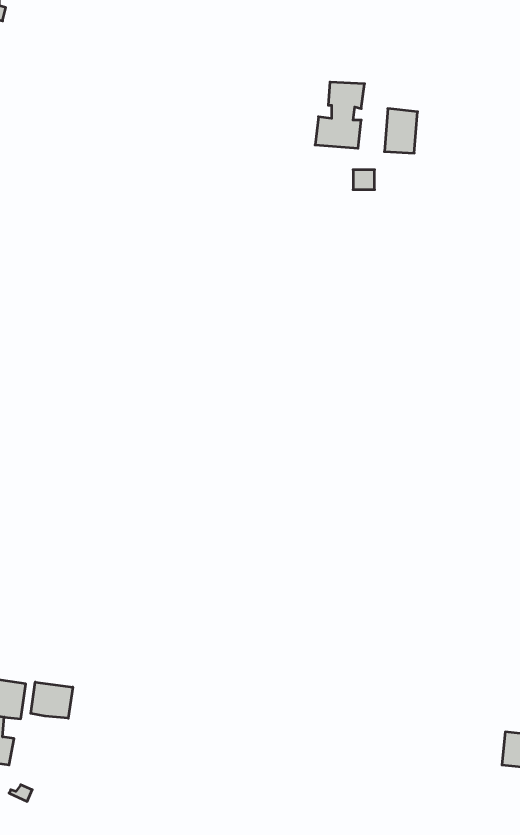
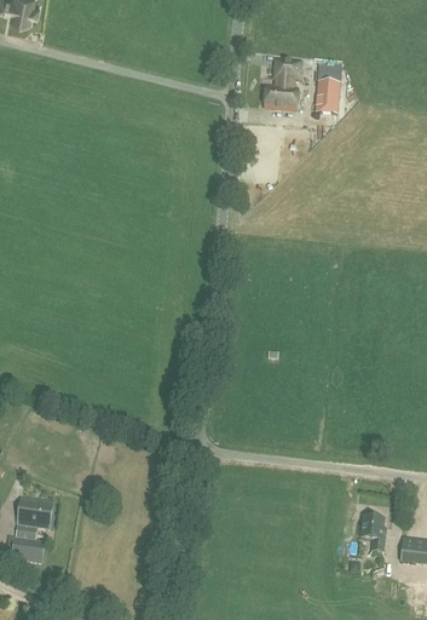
building: [31,682,73,718] -> none
building: none -> [362,516,385,550]

